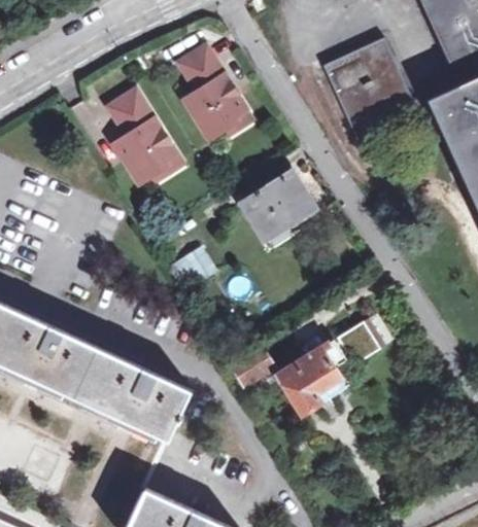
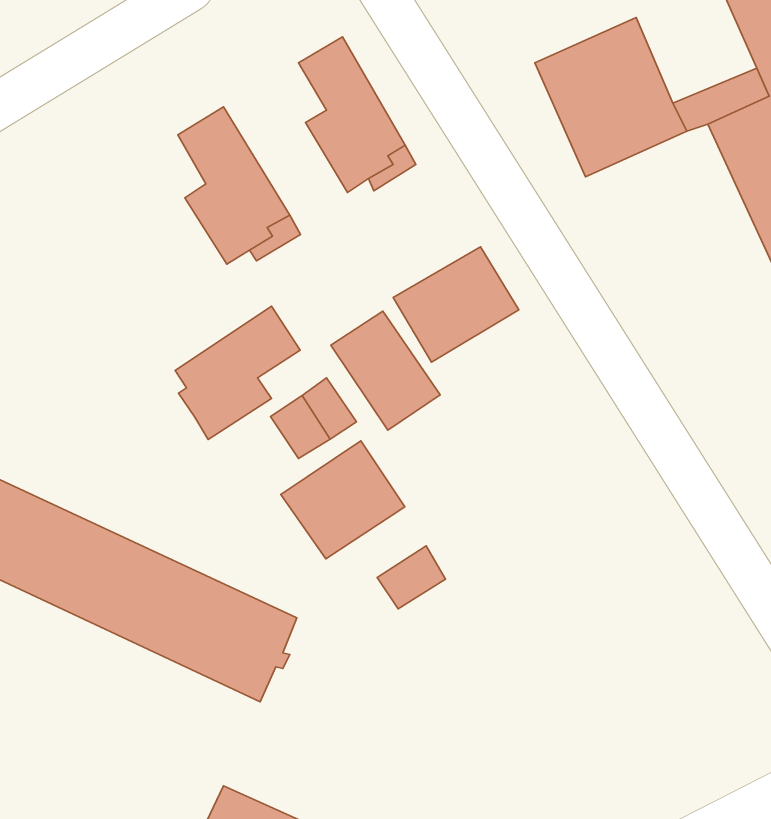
building: none -> [175,306,300,439]
building: none -> [331,311,440,430]
building: none -> [281,441,405,559]
building: [277,322,382,414] -> none

